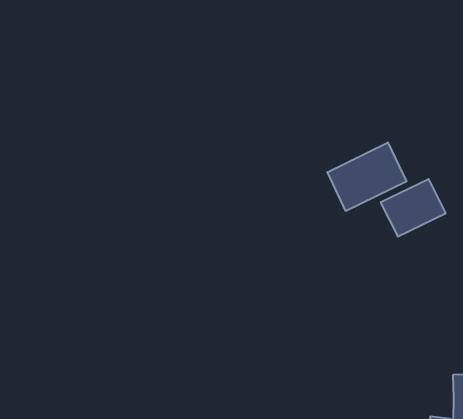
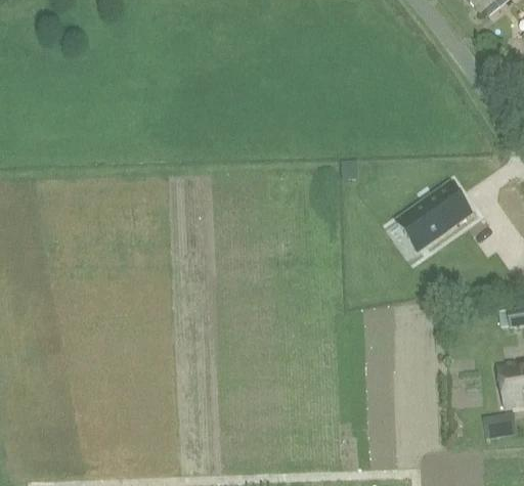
building: [327,142,406,211] -> none

